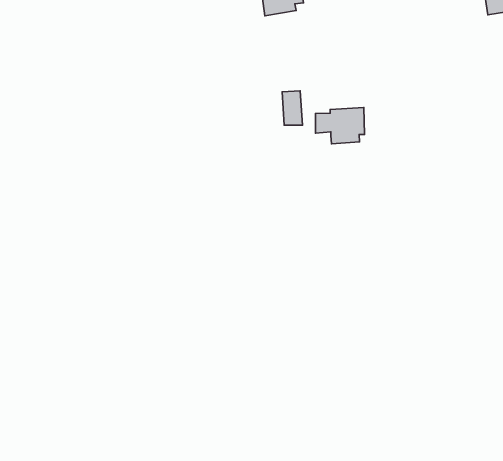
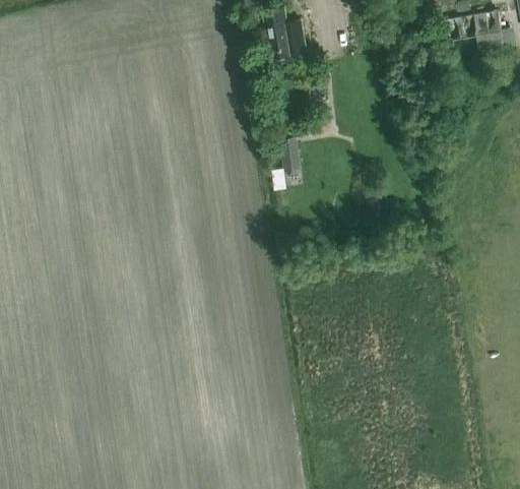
building: [315,107,364,144] -> none

